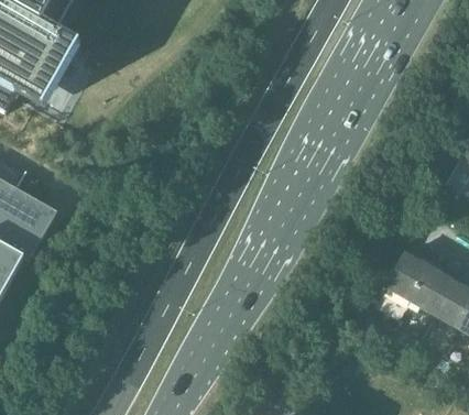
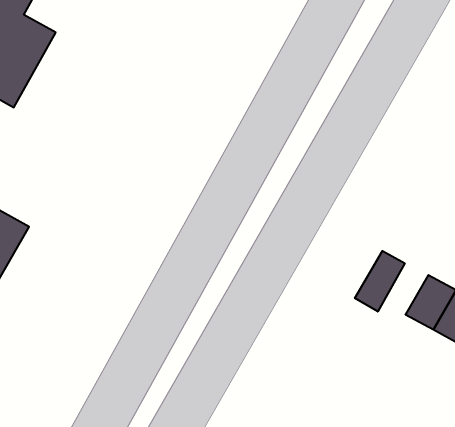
building: none -> [355,251,405,312]

